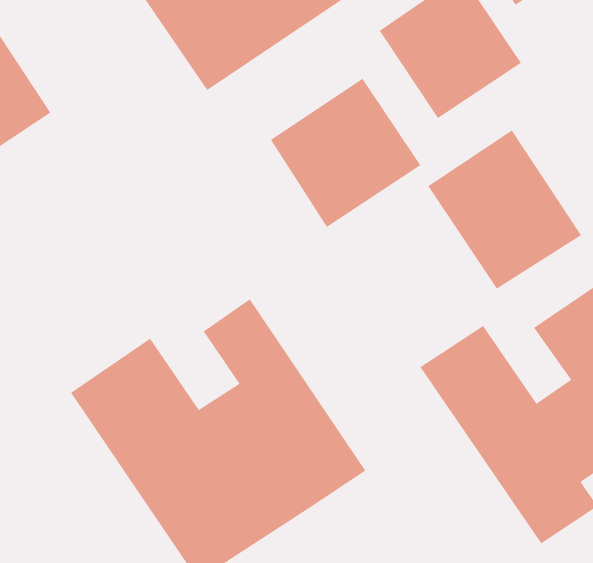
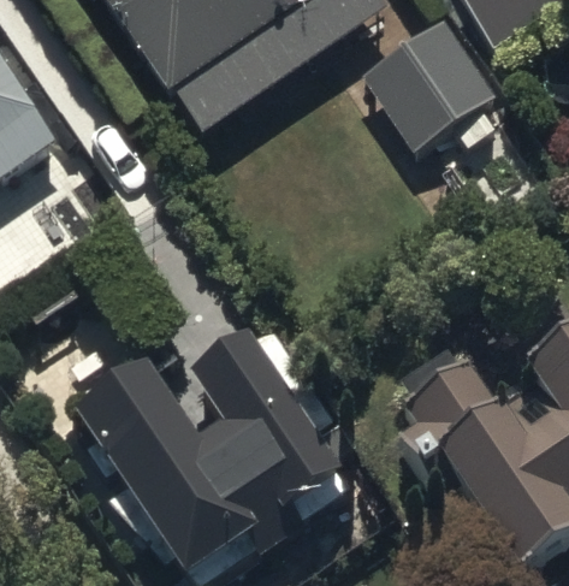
building: [270,78,421,228] -> none
building: [427,130,582,290] -> none

